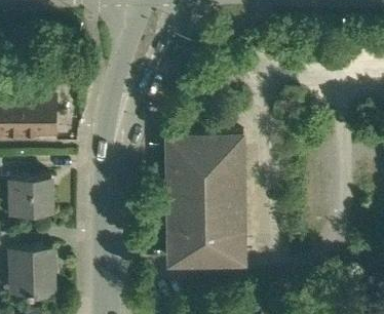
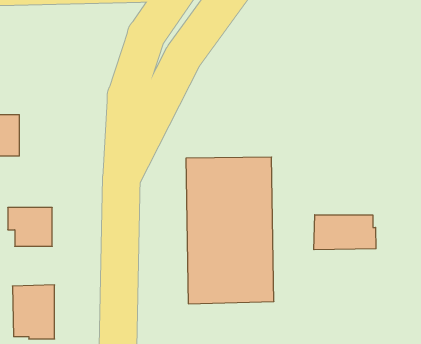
building: [22,102,55,138] -> none
building: none -> [314,215,376,250]

